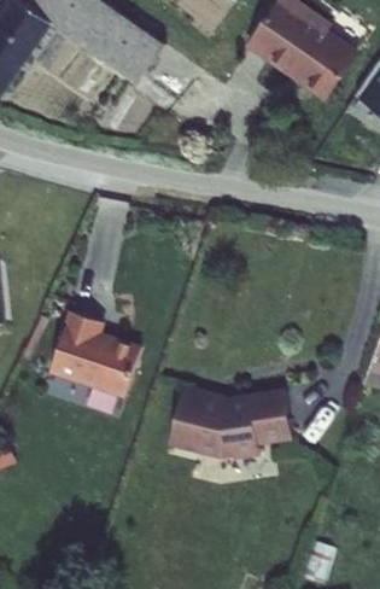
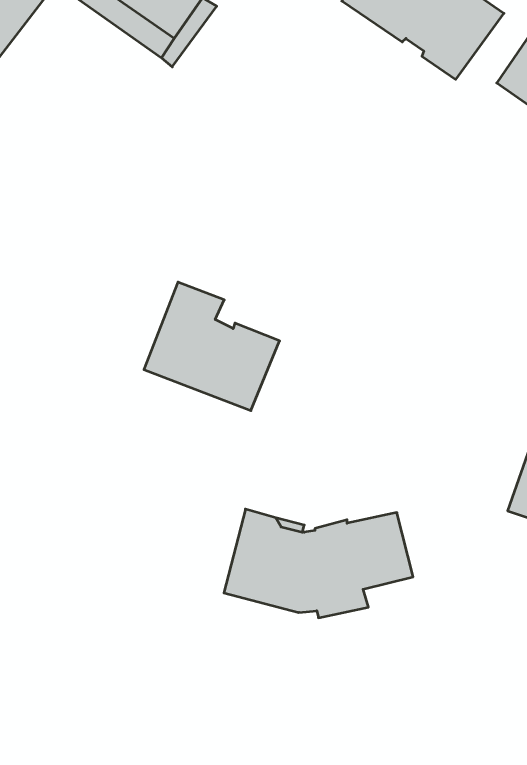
building: [51,311,142,398] -> [144,282,280,411]

